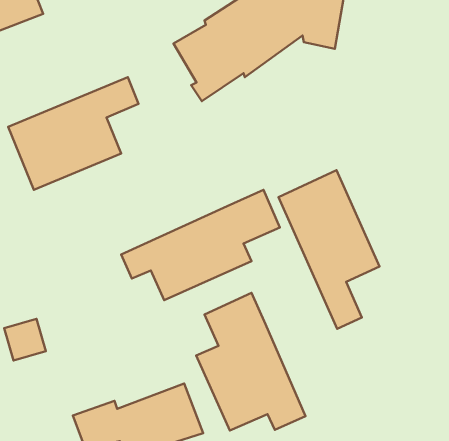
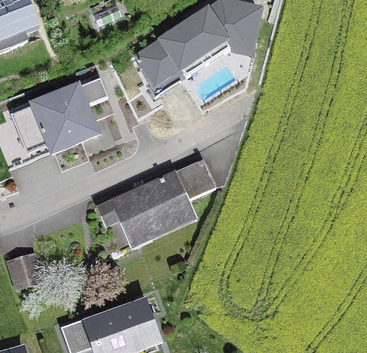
building: [278,170,380,329] -> none
building: [196,293,306,431] -> none

